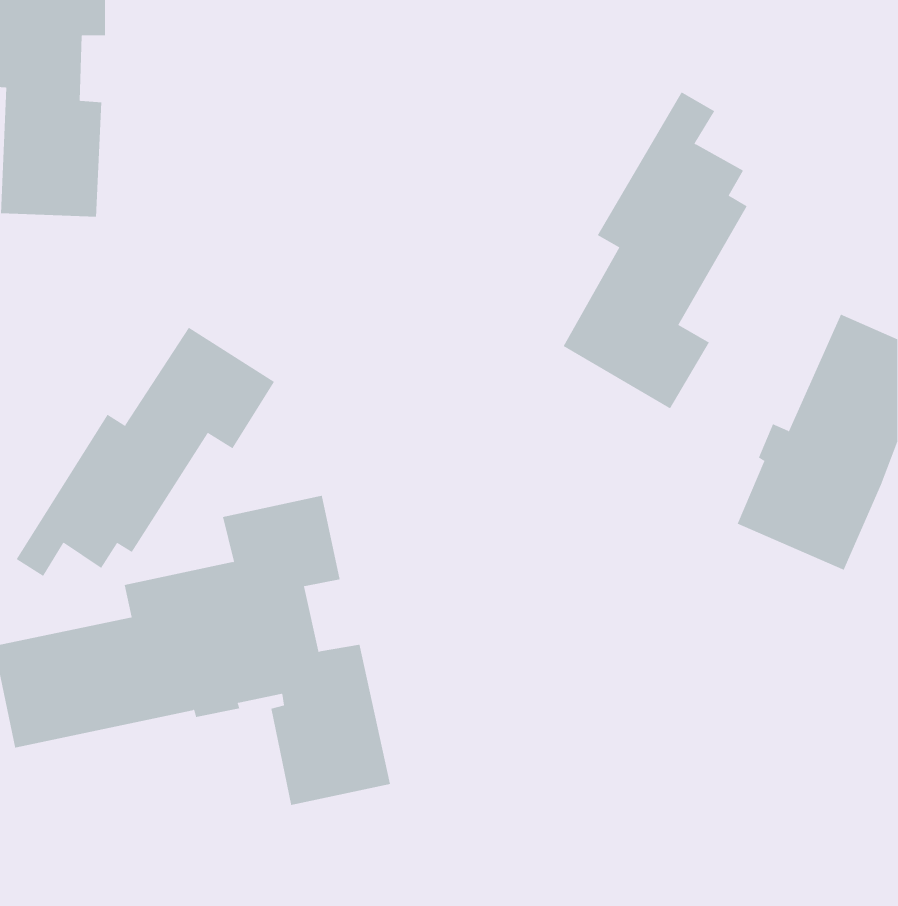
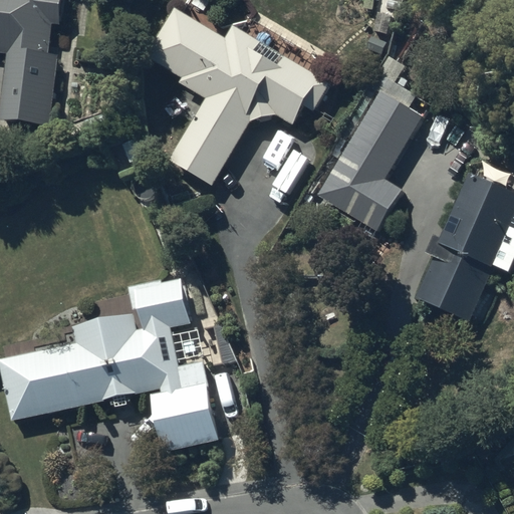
building: none -> [146,8,325,188]
building: [16,327,275,577] -> none

